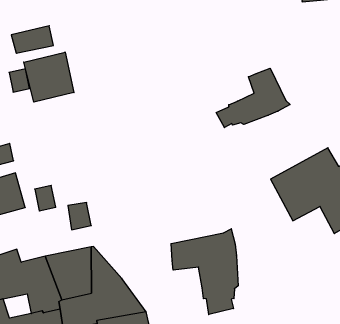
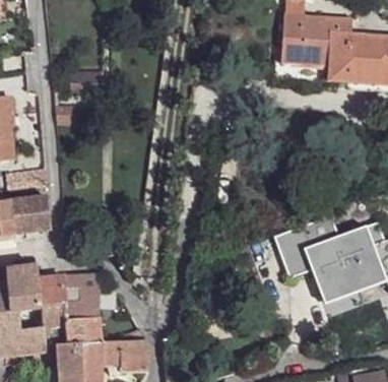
building: [24,52,74,102] -> none
building: [216,68,290,128] -> none
building: [171,229,238,315] -> none

